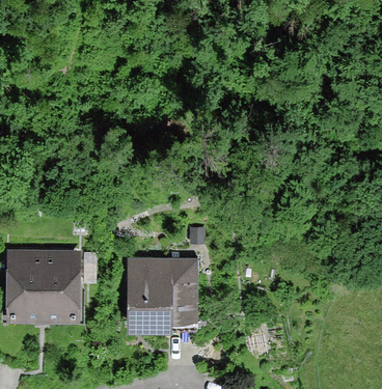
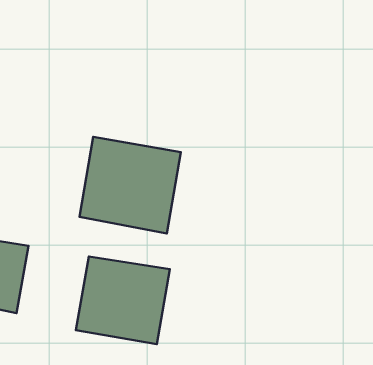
building: none -> [79,137,181,233]

